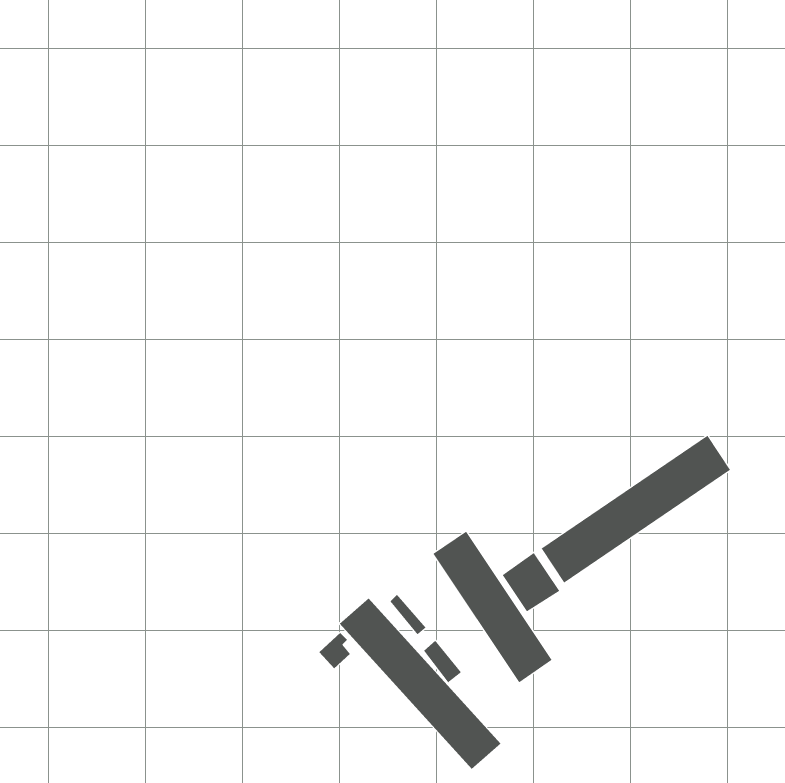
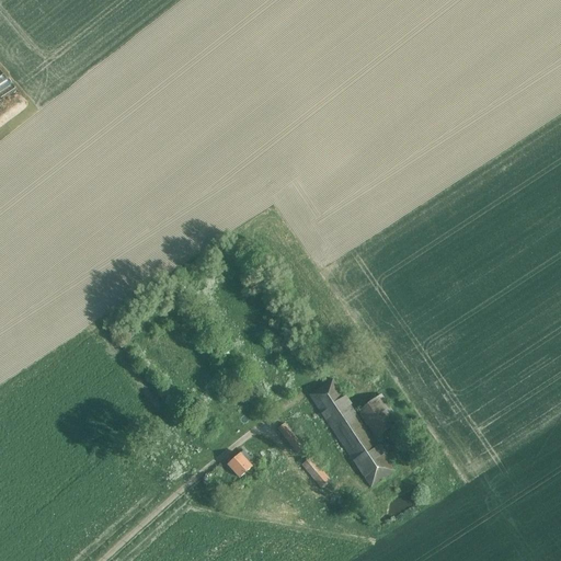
building: [541,435,731,583] -> none
building: [339,597,502,770] -> none

